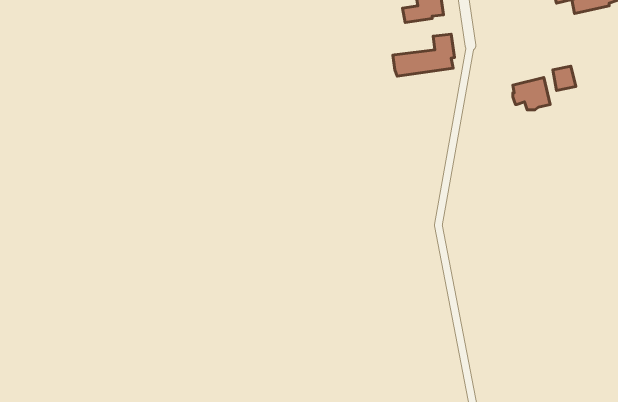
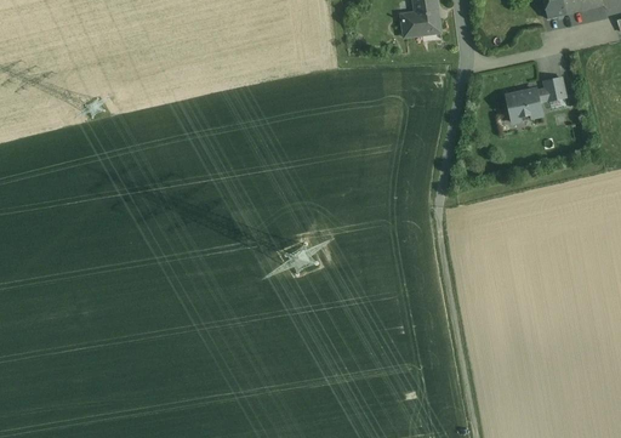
building: [393,34,454,76] -> none

